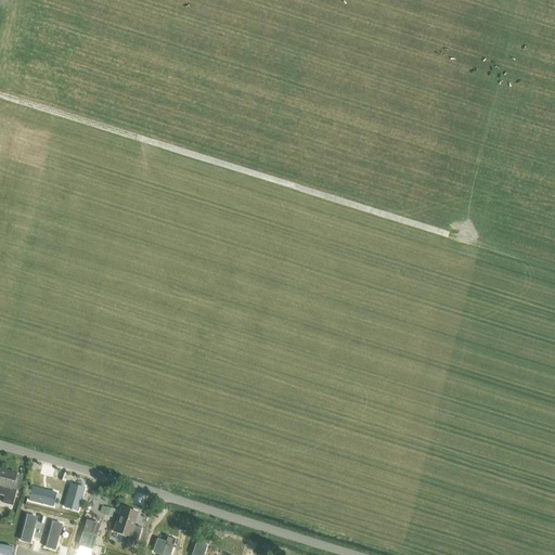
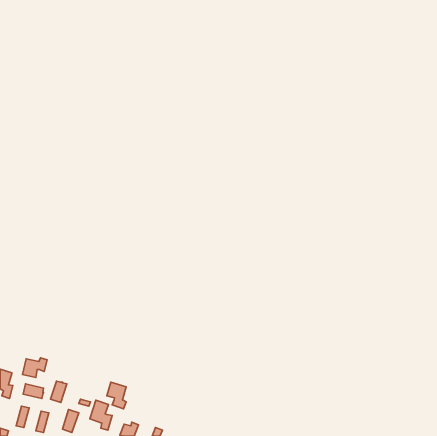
building: none -> [23,358,47,377]
building: none -> [107,382,126,409]

